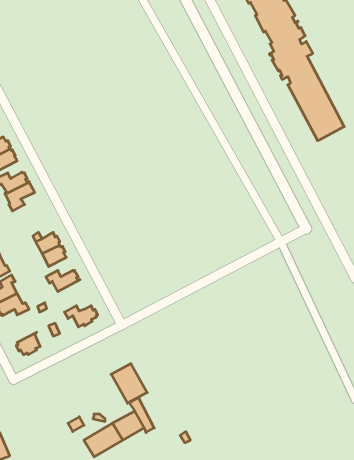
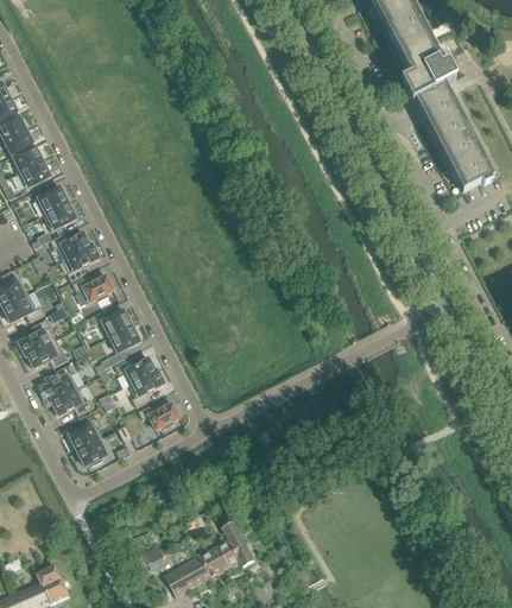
building: none -> [72,276,115,303]
building: none -> [129,369,164,407]
building: none -> [69,422,102,450]
building: [111,364,147,403] -> none

